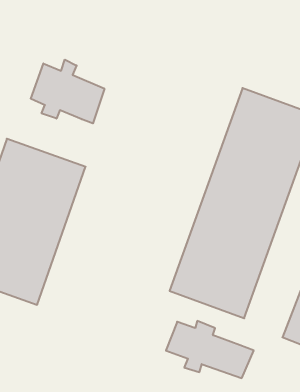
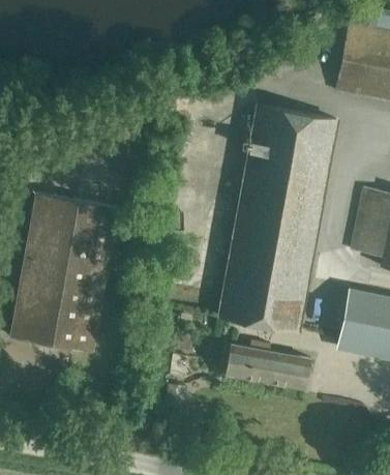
building: [31,60,104,123] -> none

